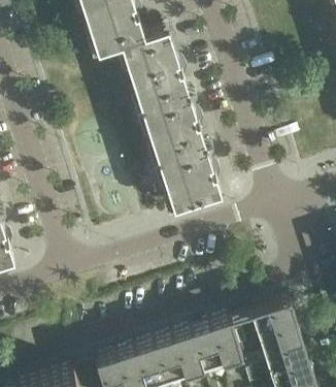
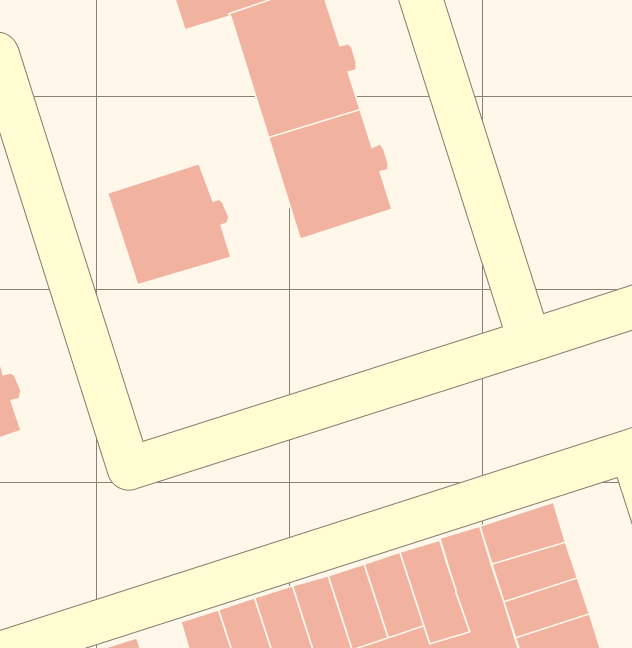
building: [157,149,221,212] -> [108,163,231,285]

